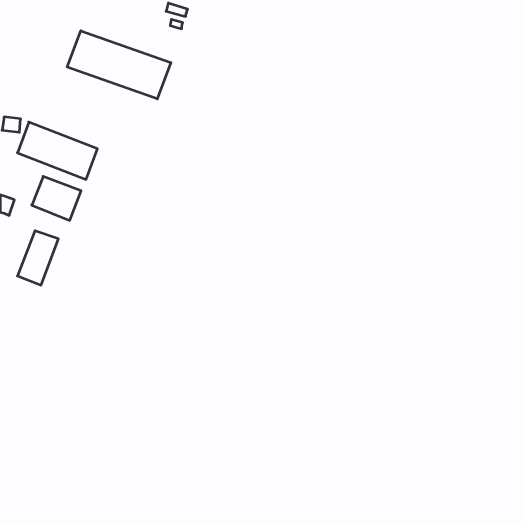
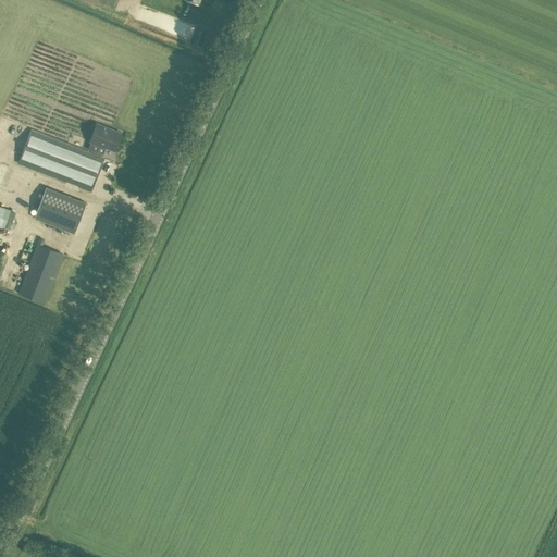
building: [67,31,171,99] -> none
building: none -> [87,124,121,156]

